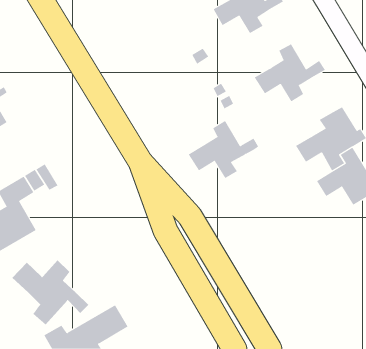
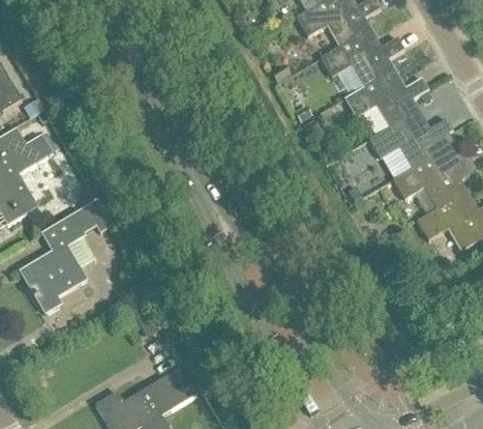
building: none -> [320,18,402,87]
building: [188,120,259,179] -> [368,98,452,168]
building: [11,260,89,325] -> none

